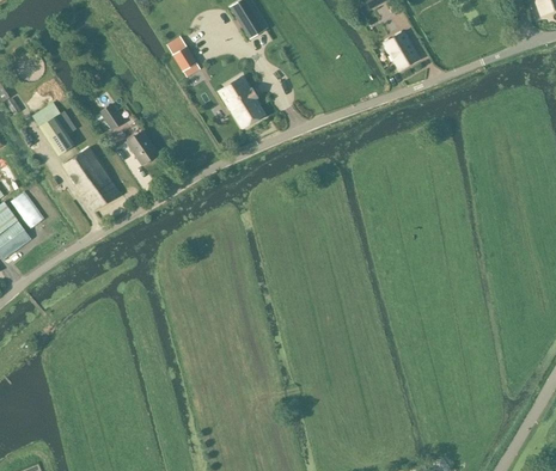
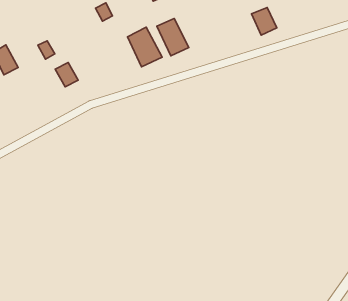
building: none -> [157,19,189,56]
building: [63,146,120,209] -> none

